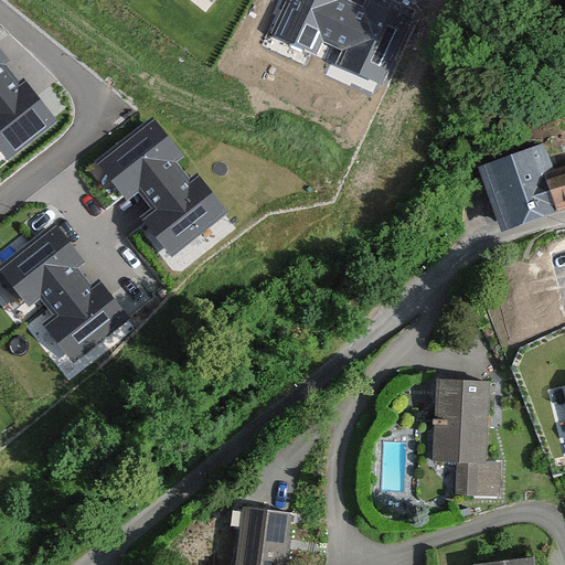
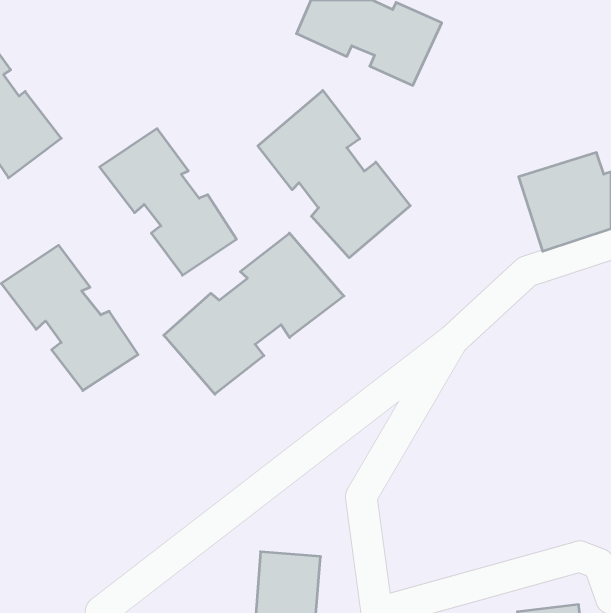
building: none -> [258,90,410,258]
building: none -> [164,233,344,394]
building: [431,379,502,497] -> none

